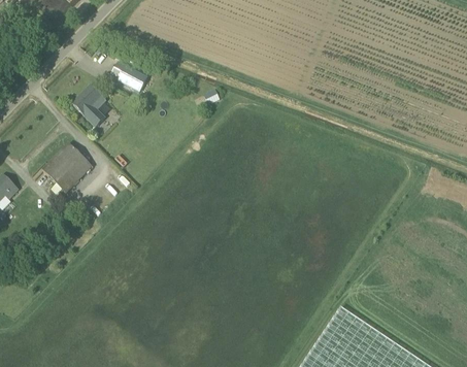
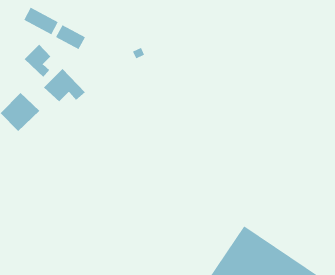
building: none -> [23,7,59,35]
building: none -> [43,68,86,102]

